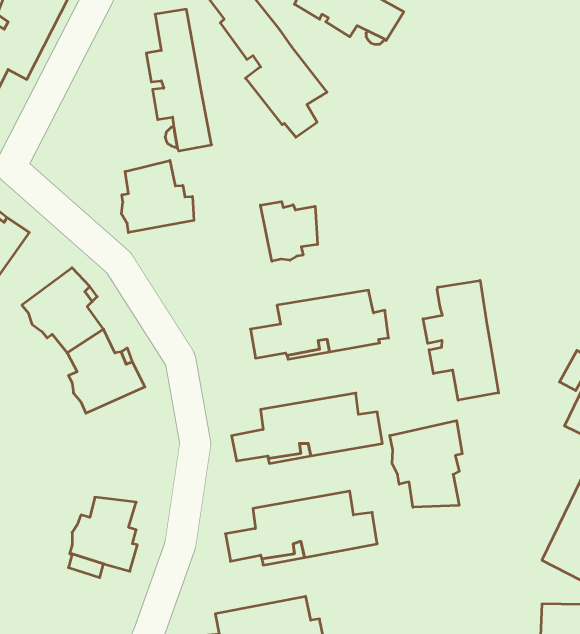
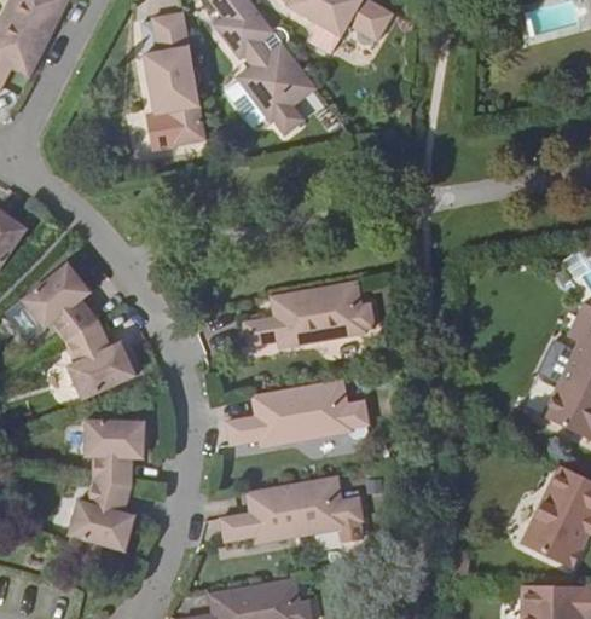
building: [121,160,194,233] -> none
building: [260,202,317,261] -> none
building: [423,280,499,400] -> none
building: [390,421,462,507] -> none
building: none -> [82,417,147,486]

